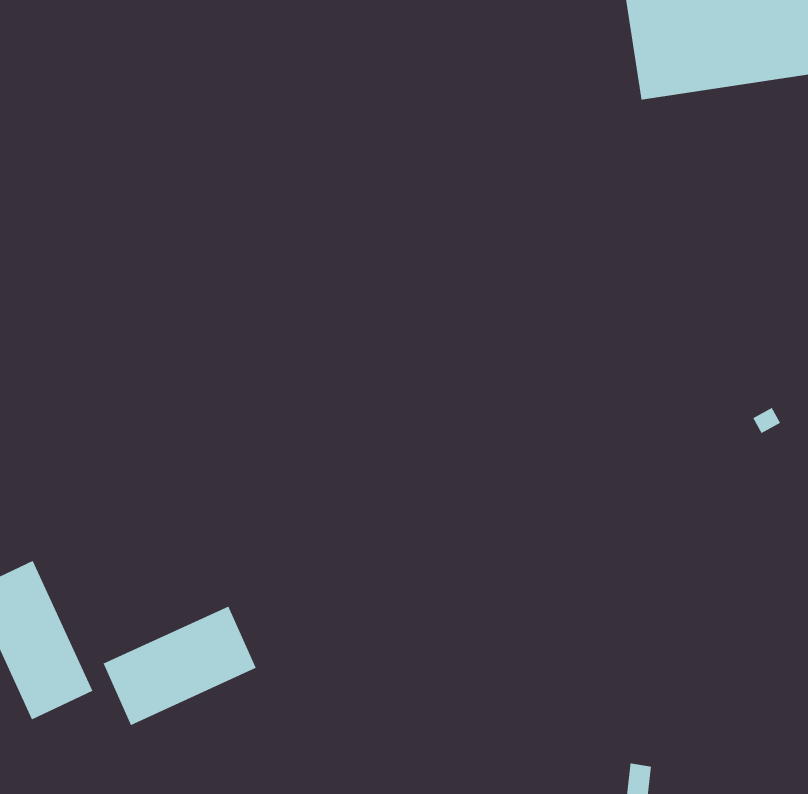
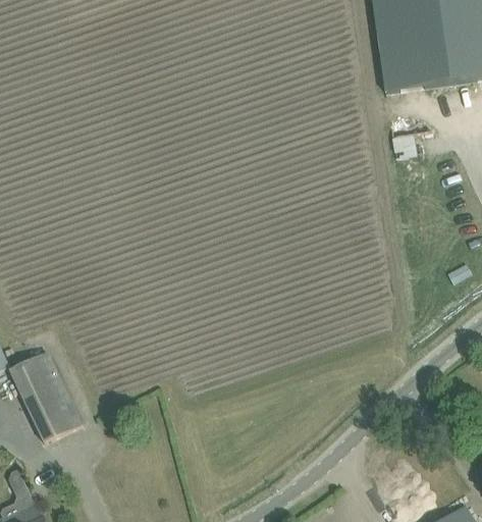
building: [102,605,257,726] -> none

